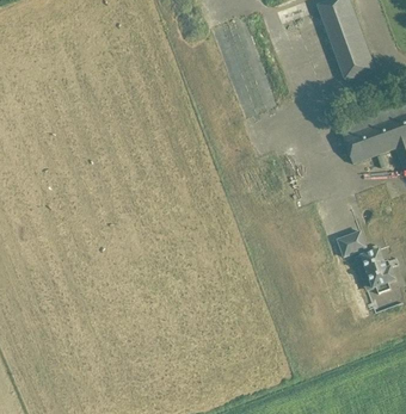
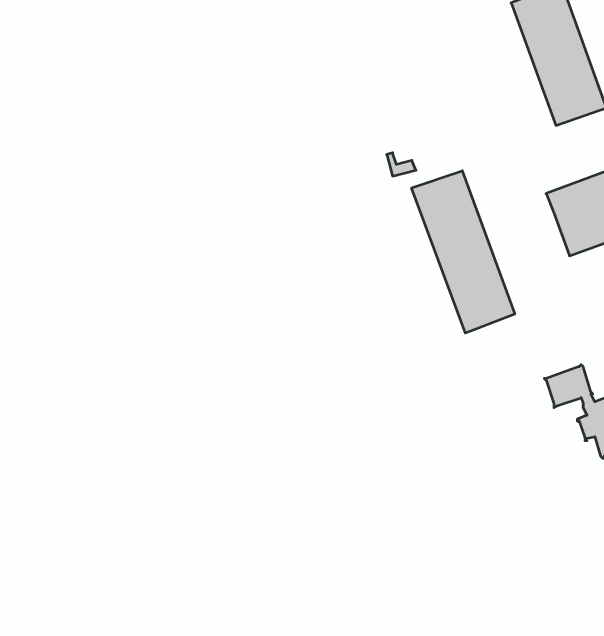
building: none -> [412,171,515,333]

